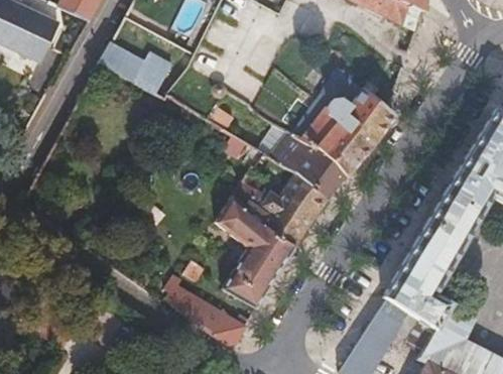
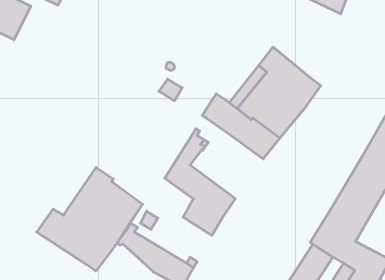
building: [99,42,175,97] -> none
building: [243,174,328,246] -> none
building: none -> [37,167,143,271]
building: [223,267,268,308] -> none

